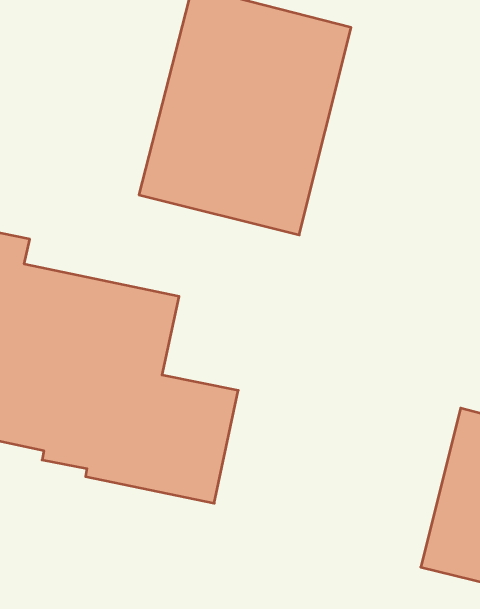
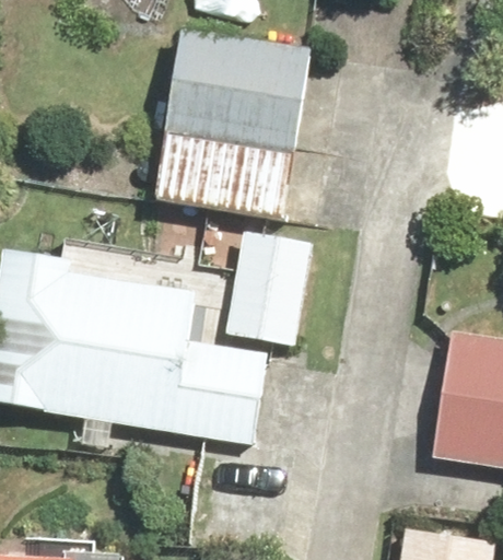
building: none -> [229,232,311,342]

